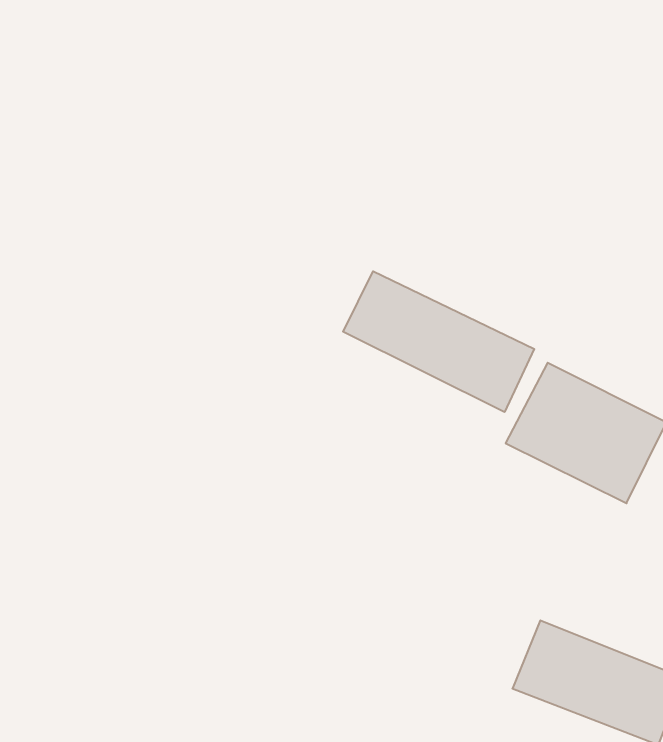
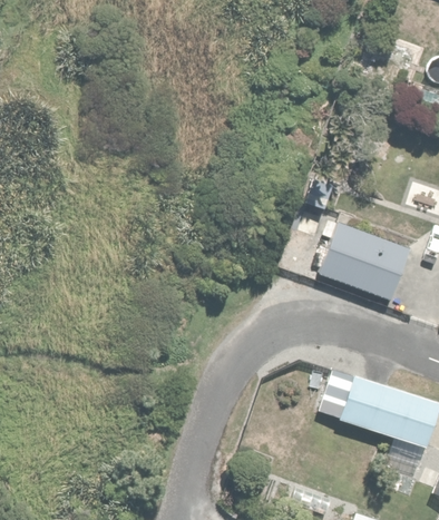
building: [343,271,534,412] -> none

